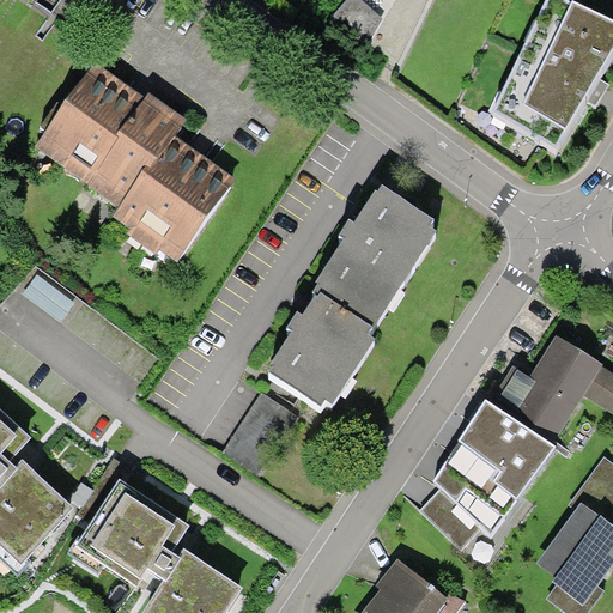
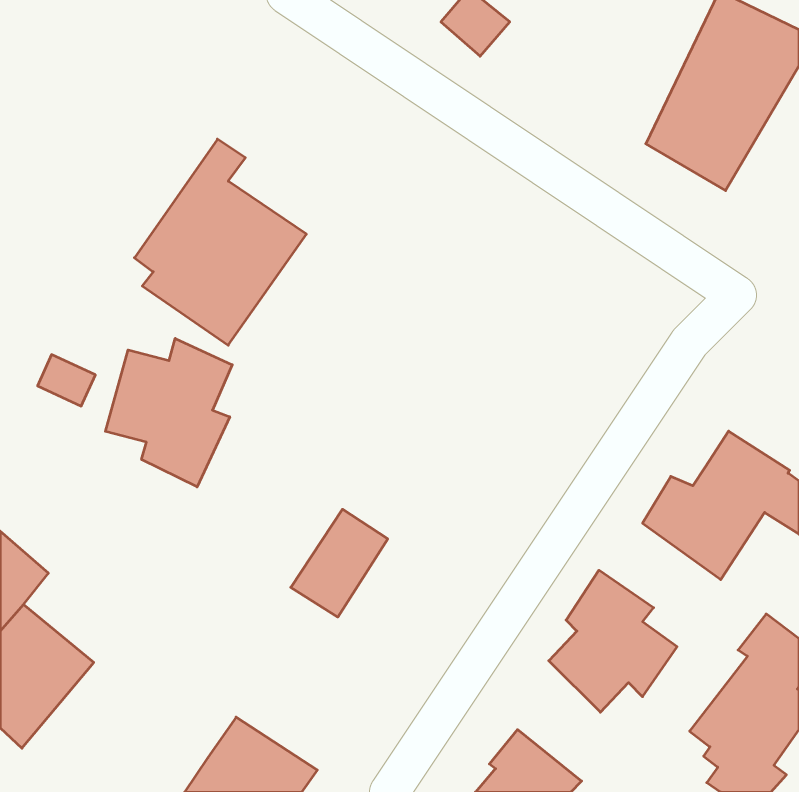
building: [34,66,166,198] -> none
building: [268,184,437,408] -> none
building: none -> [105,338,232,487]
building: [459,397,554,496] -> none
building: [74,479,194,589] -> none

